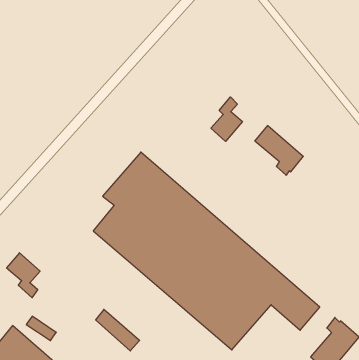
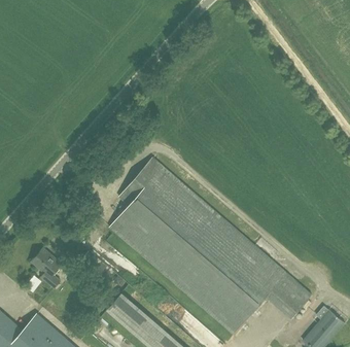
building: [211,97,242,141] -> none
building: [255,126,303,175] -> none

